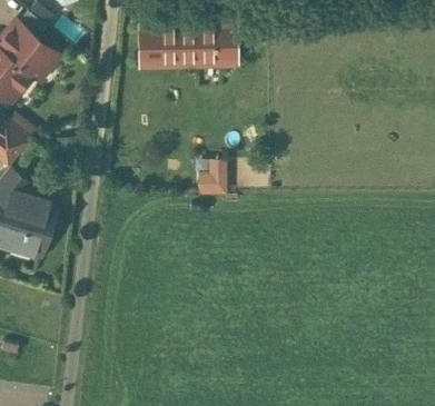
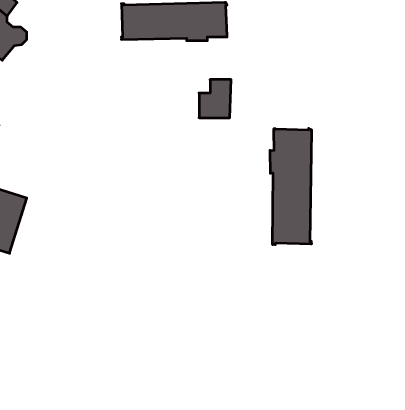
building: none -> [270,128,311,245]
building: [199,161,228,196] -> [199,80,231,118]

